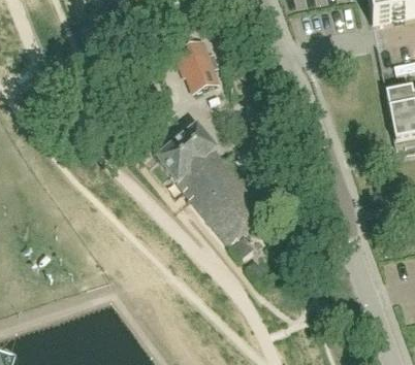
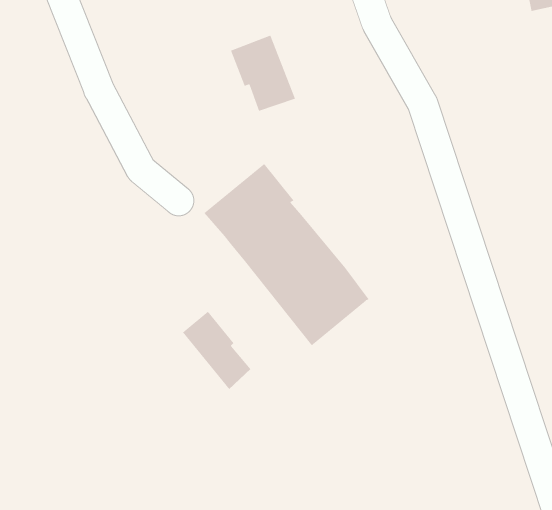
building: none -> [182,311,251,390]

